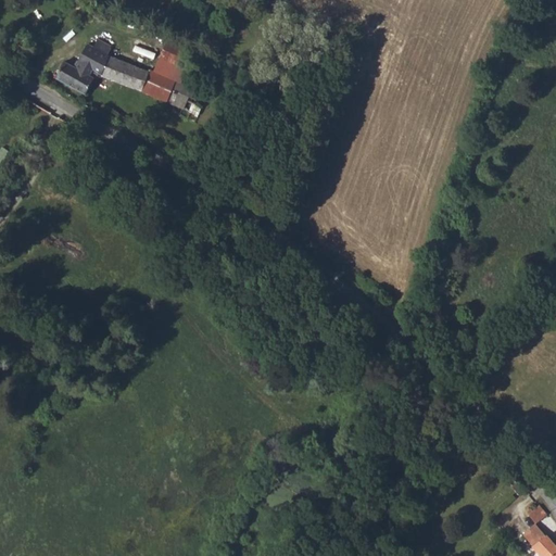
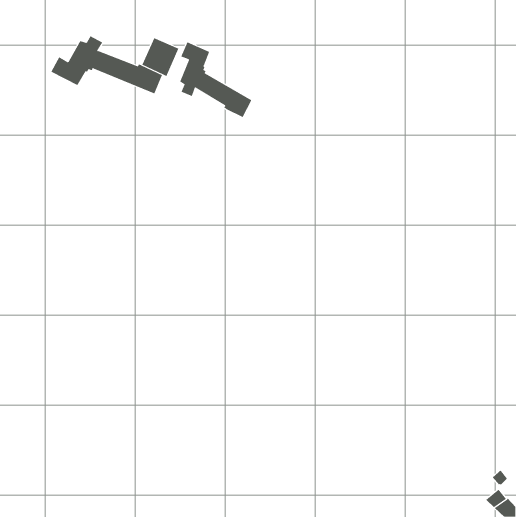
building: none -> [180,41,252,118]

